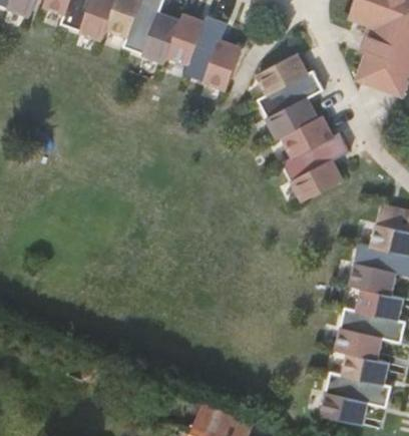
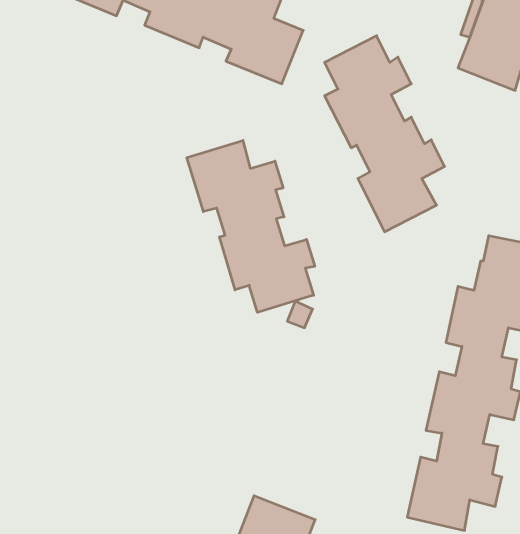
building: none -> [187,140,315,312]

